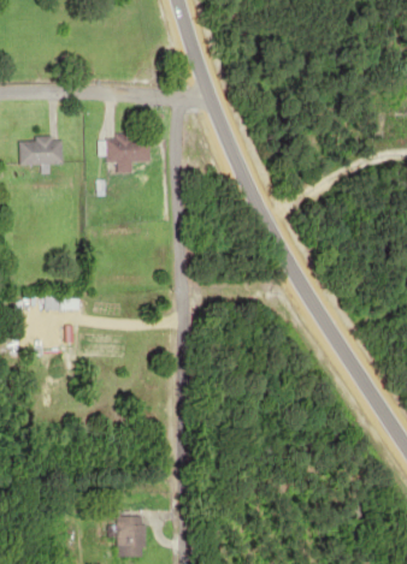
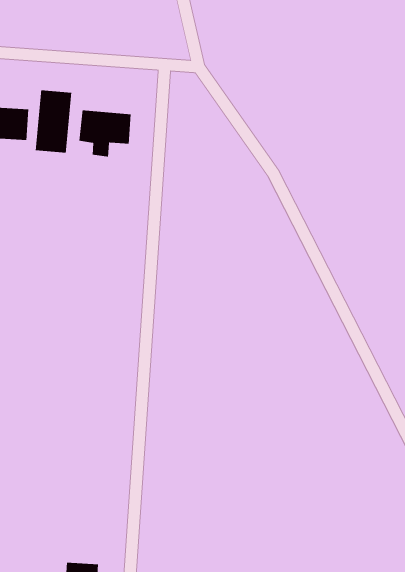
building: none -> [35,89,72,154]

